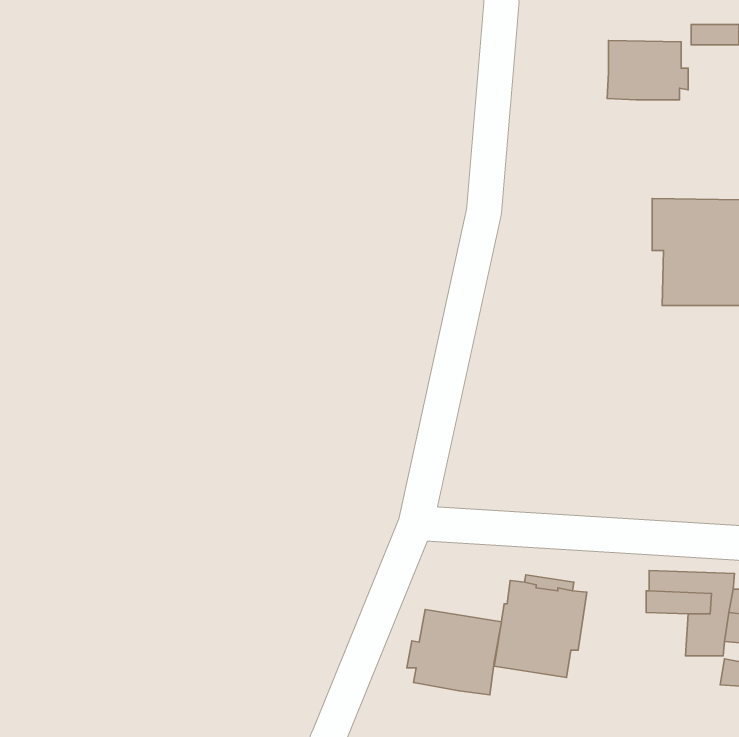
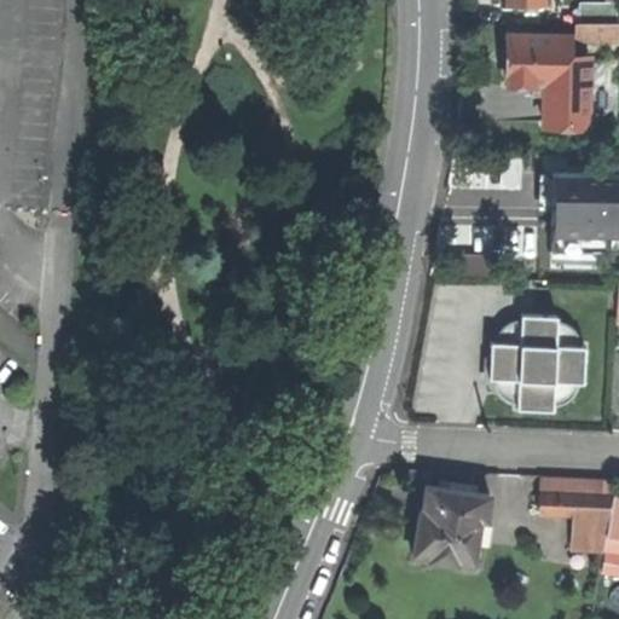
building: none -> [532,59,589,128]
building: none -> [490,316,585,411]
building: [407,609,501,695] -> none

